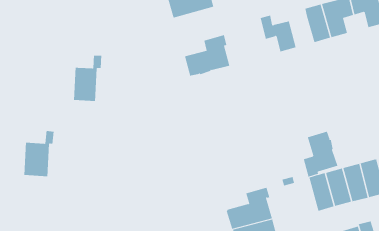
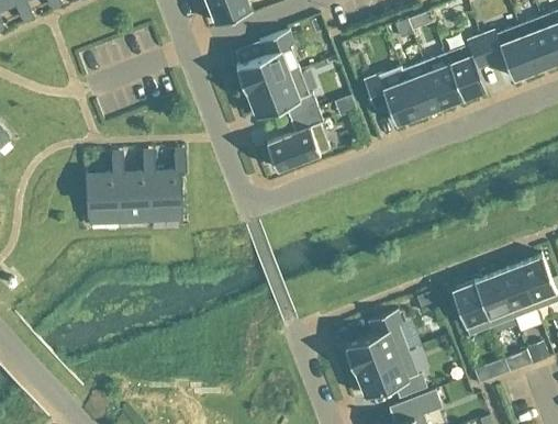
building: none -> [246,72,317,120]
building: none -> [404,72,440,116]
building: none -> [149,153,186,217]
building: [23,131,54,177] -> [85,156,123,220]
building: [303,131,338,177] -> none

